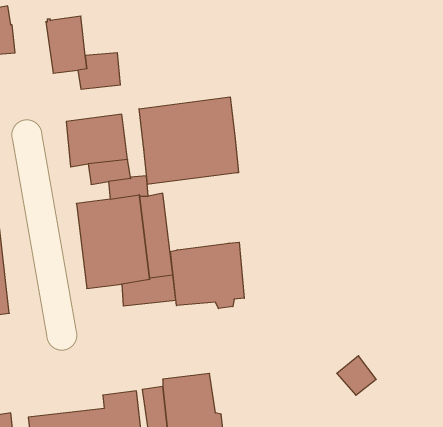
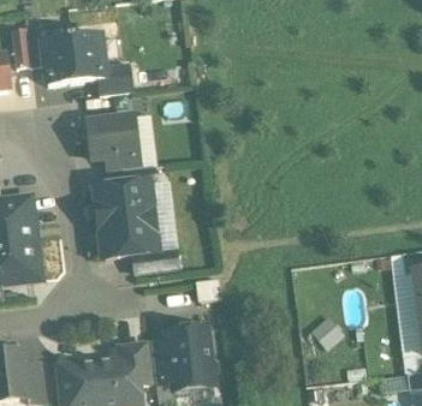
building: none -> [42,36,76,83]
building: [139,97,239,184] -> none
building: [171,242,244,309] -> none

